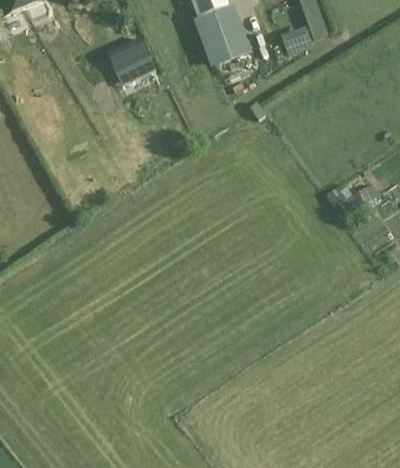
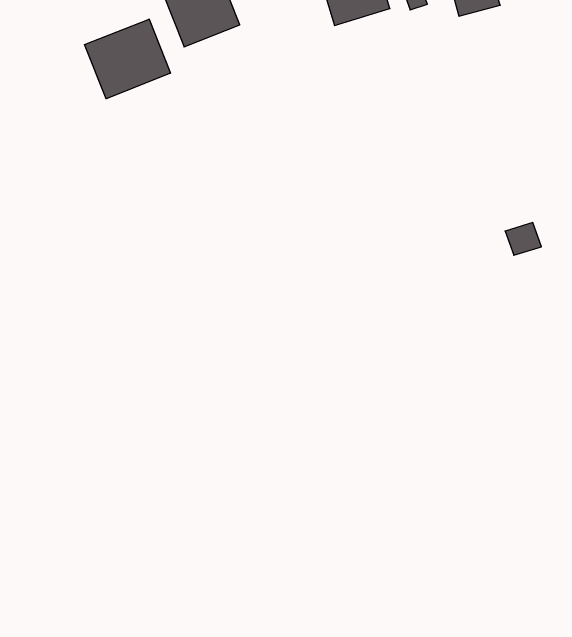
building: none -> [85,19,170,99]

